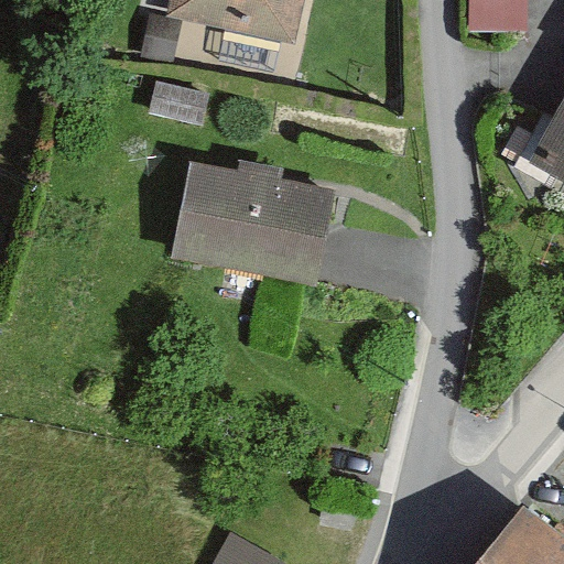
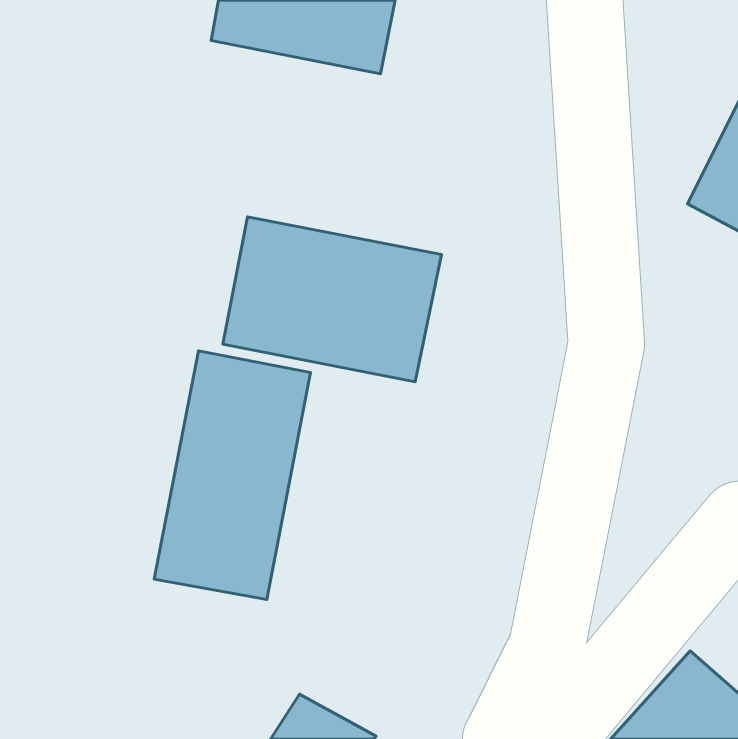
building: none -> [154,351,311,599]

